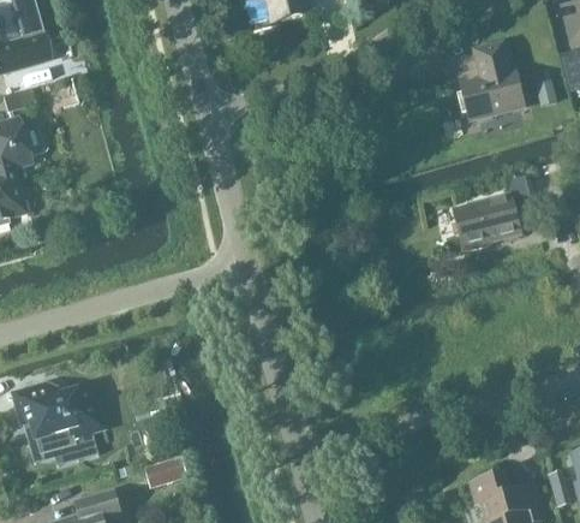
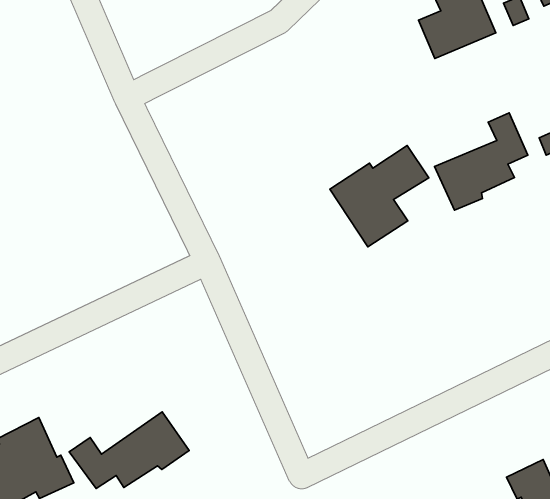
building: none -> [330,146,429,247]
building: none -> [69,412,189,489]

